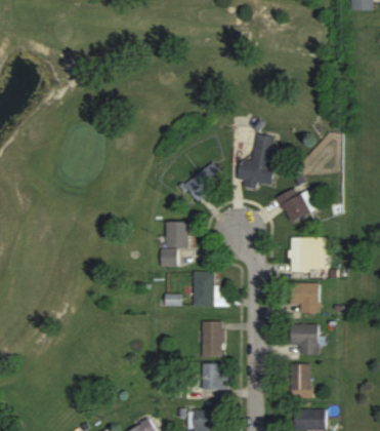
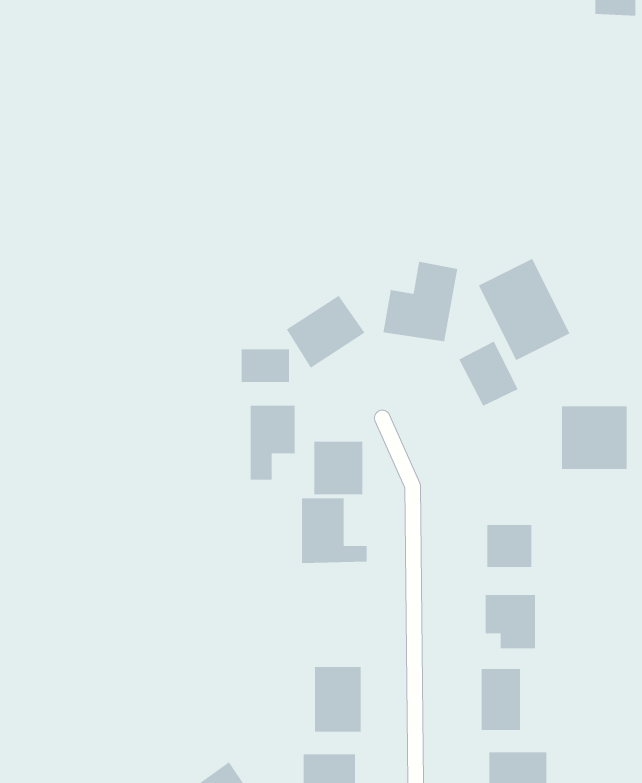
building: none -> [478,258,571,361]
building: none -> [241,348,290,383]
building: [290,237,326,272] -> [561,405,627,470]
building: none -> [313,441,363,495]
building: [202,322,224,358] -> none

